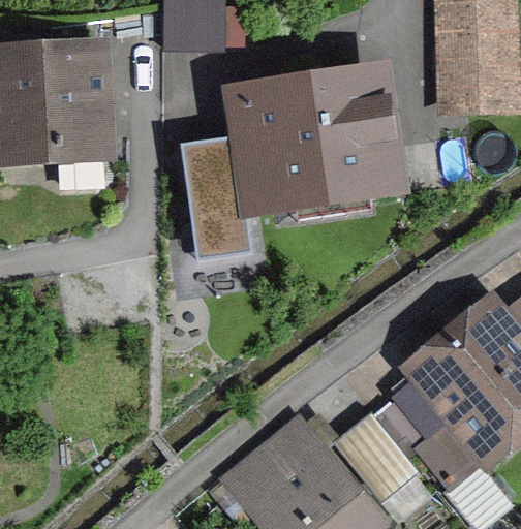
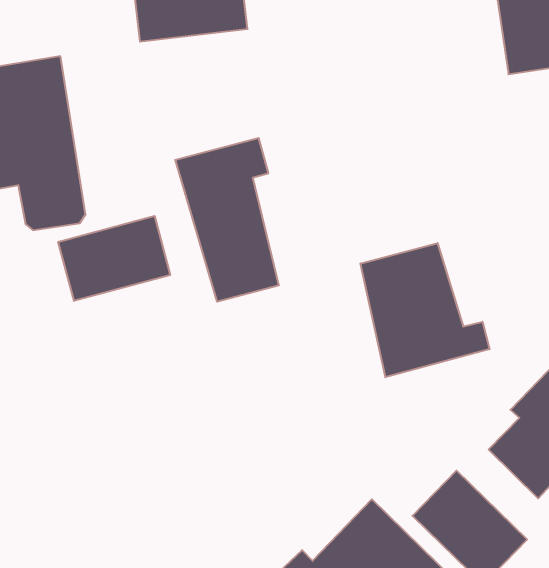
building: [244,84,374,198] -> none
building: none -> [58,216,170,301]
building: none -> [360,243,490,377]

